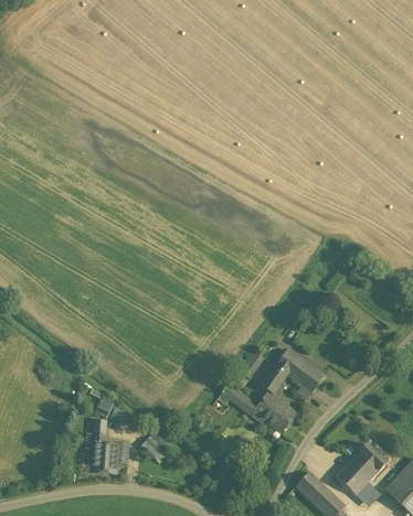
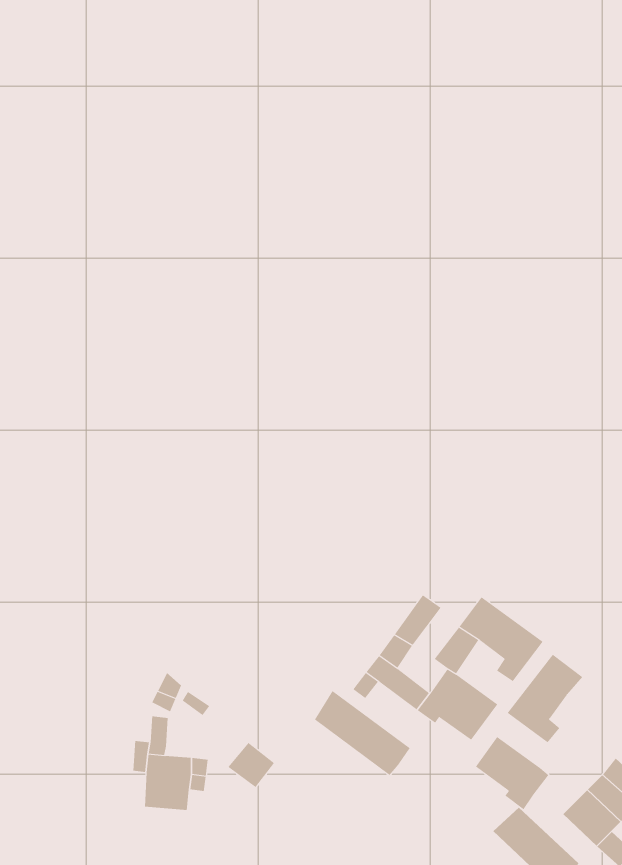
building: none -> [507,654,583,743]
building: none -> [314,690,410,776]
building: none -> [475,736,549,810]

